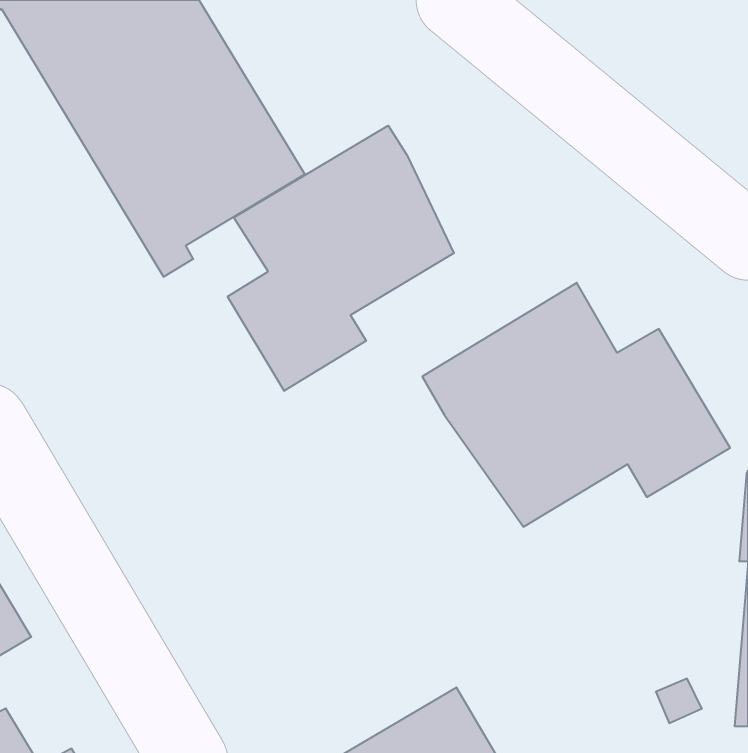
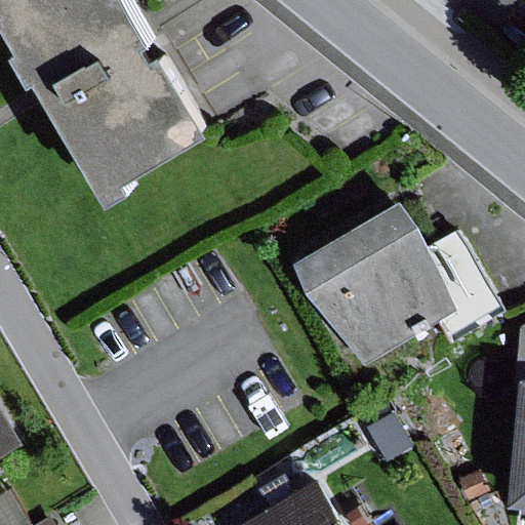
building: [228,126,454,391] -> none

